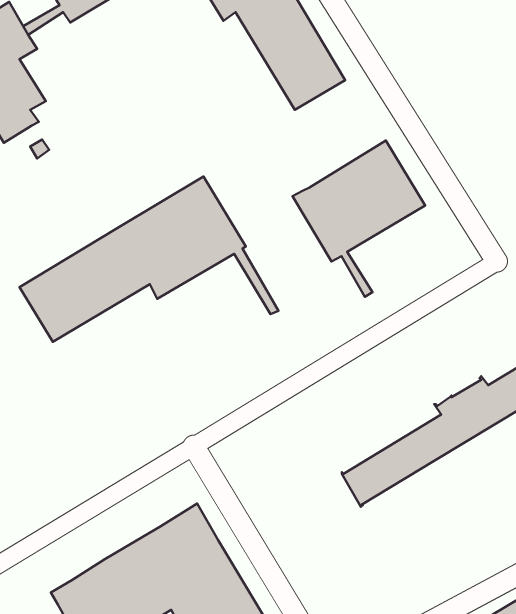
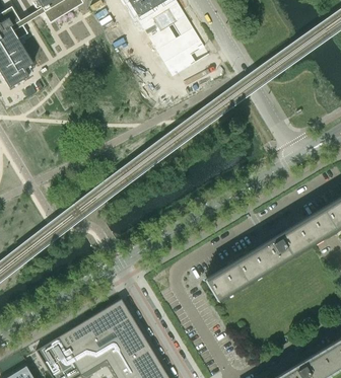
building: [292,140,425,297] -> none
building: [19,176,278,342] -> none

